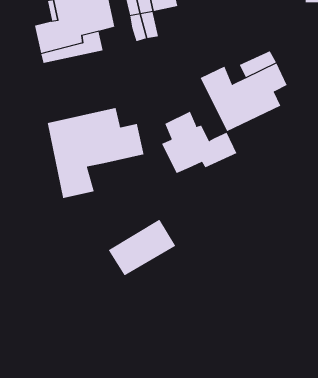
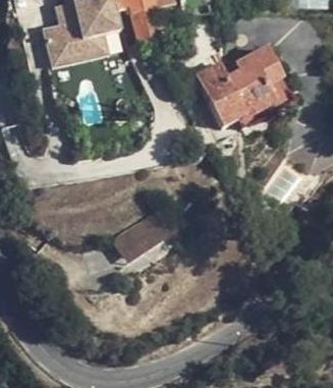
building: [47,107,144,199] -> none
building: [161,111,237,174] -> none

